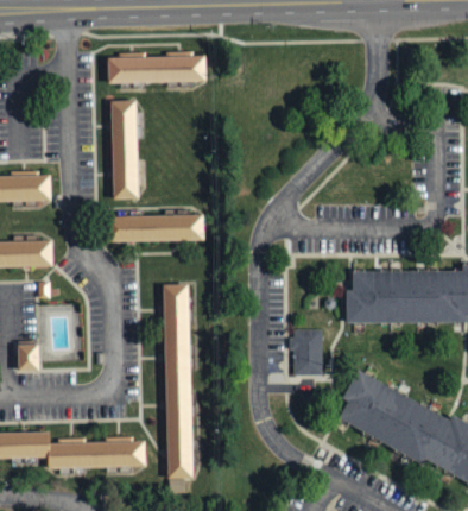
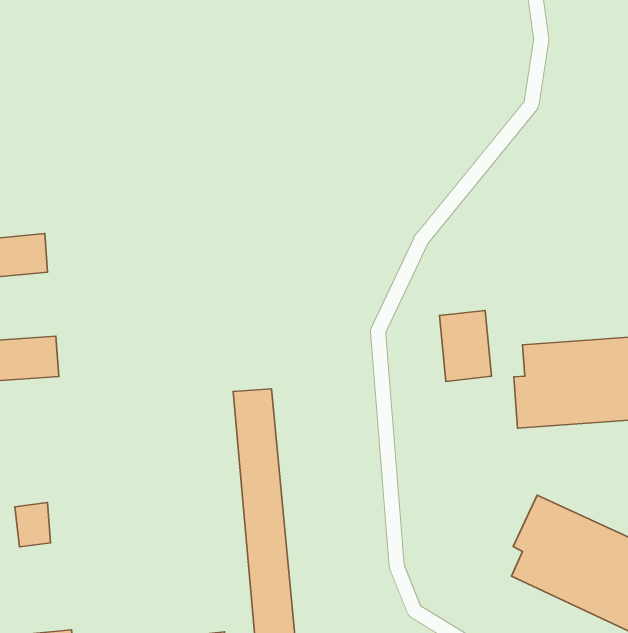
building: [107,56,205,83] -> none
building: [112,100,138,198] -> none
building: [106,215,204,241] -> none
building: [292,330,323,374] -> [439,310,492,381]

